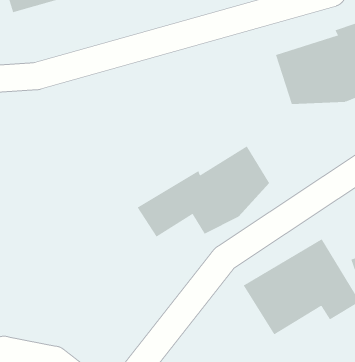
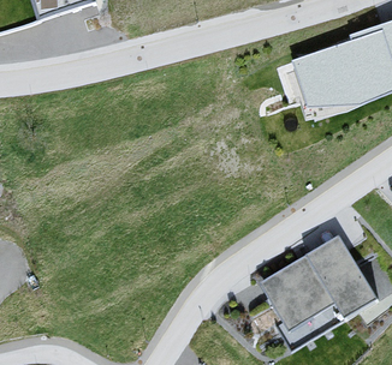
building: [137,146,270,238] -> none

